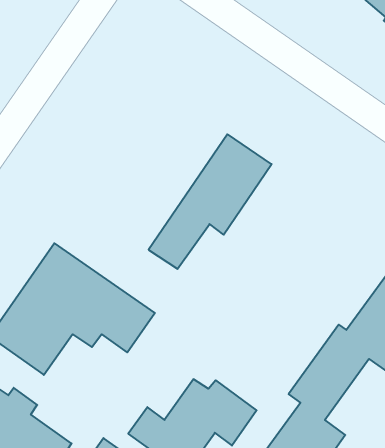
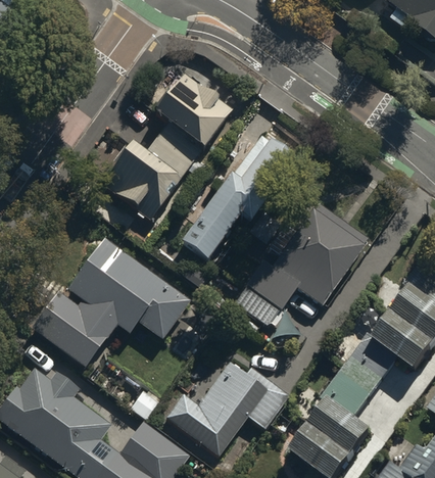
building: none -> [102,75,234,221]
building: none -> [230,207,368,327]

